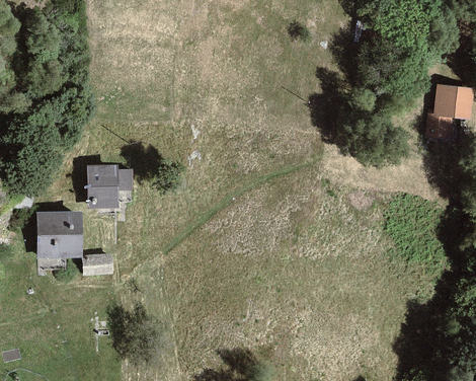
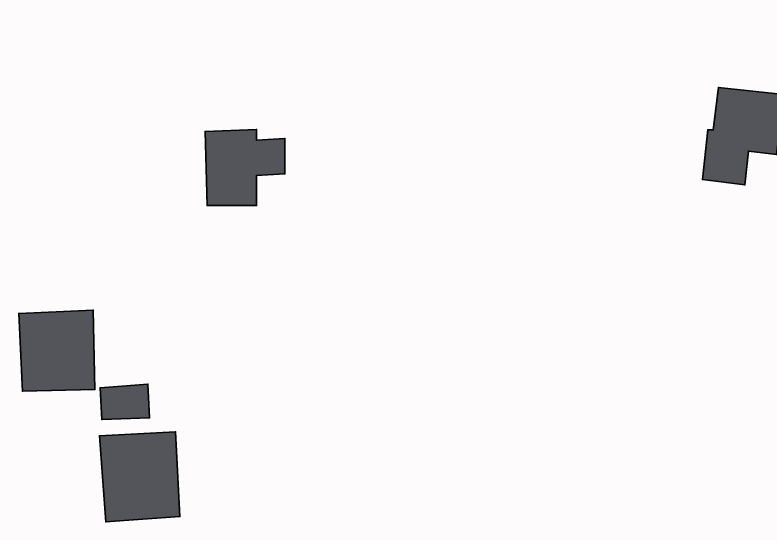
building: [87,164,133,208] -> [205,130,285,206]
building: none -> [99,432,180,522]

